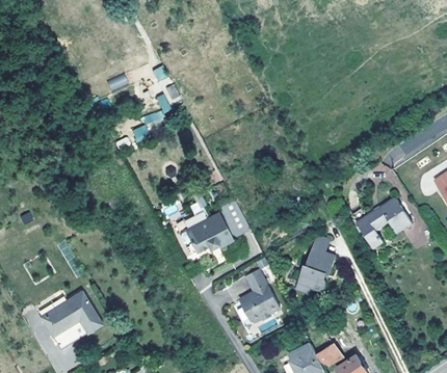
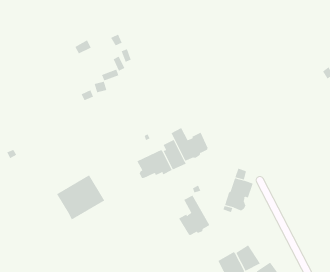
building: none -> [171,127,208,162]
building: [358,199,411,248] -> none
building: [41,292,103,350] -> [56,174,105,220]

